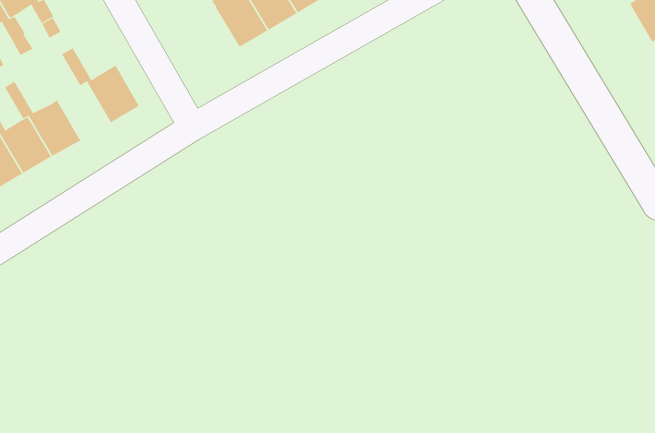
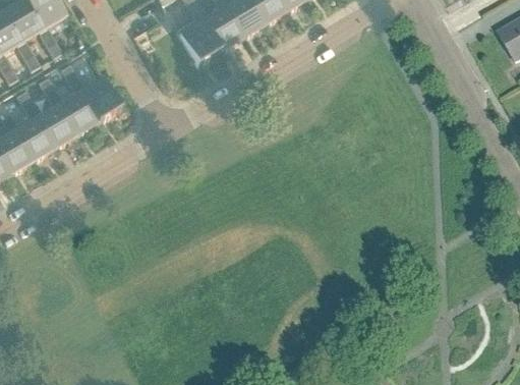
building: none -> [39,75,99,134]

